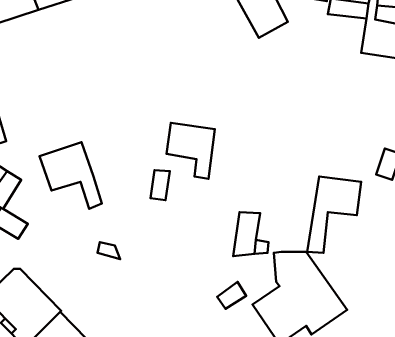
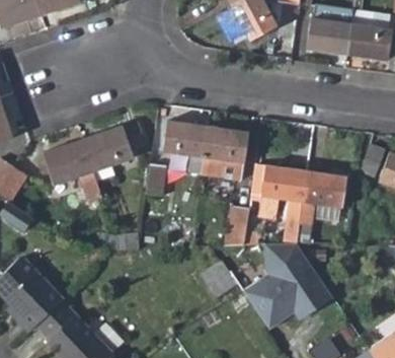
building: none -> [305,18,350,55]
building: none -> [82,120,145,171]
building: none -> [202,127,247,175]
building: none -> [259,166,306,242]

